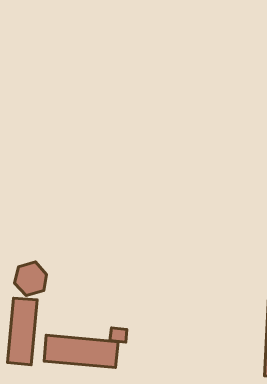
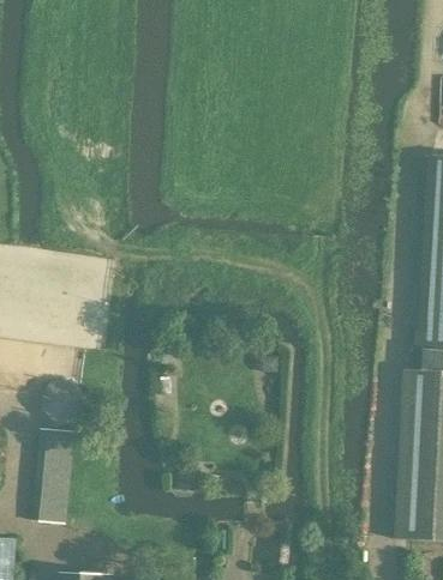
building: [44,335,118,368] -> none

